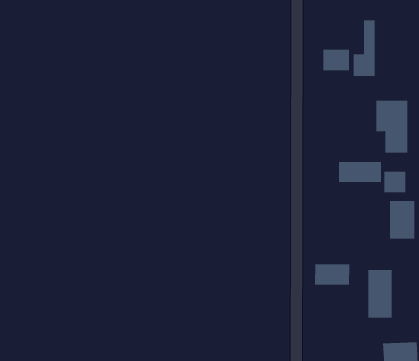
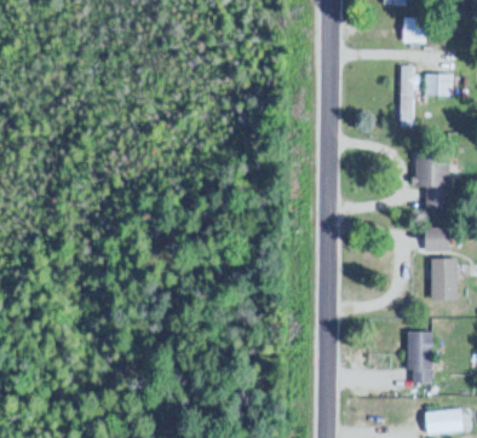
building: [323,49,350,71] -> [426,73,455,96]
building: [339,161,381,183] -> none
building: [314,264,350,285] -> none

